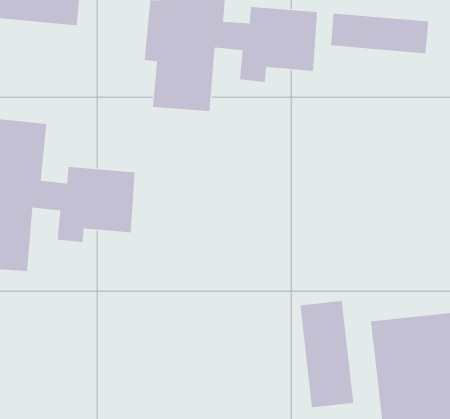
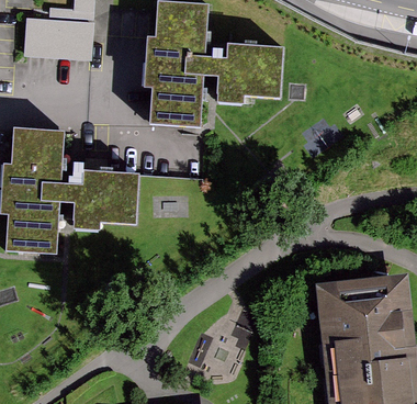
building: [330,13,429,54] -> none
building: [300,300,354,408] -> none

